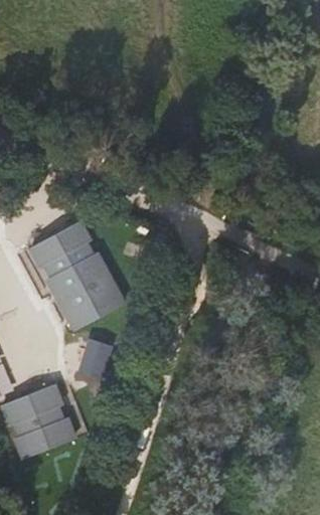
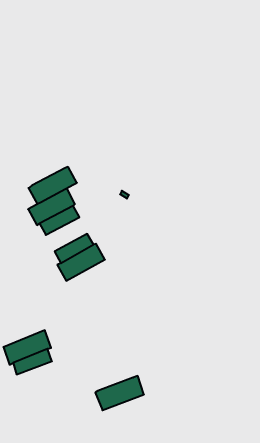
building: [49,255,105,298] -> [28,167,77,204]
building: [77,339,112,381] -> none
building: [17,418,72,458] -> [95,376,144,410]

